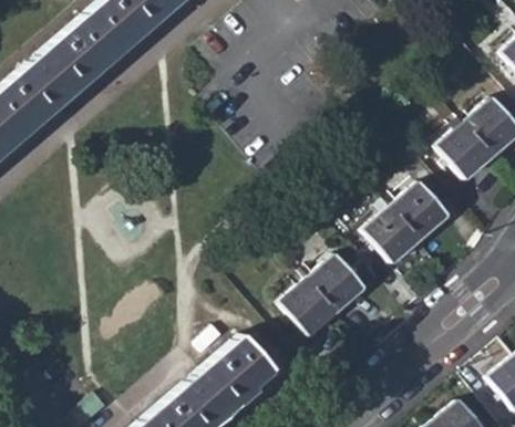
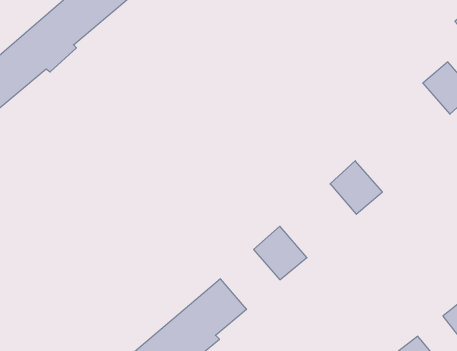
building: [439,121,496,179] -> none
building: [392,181,451,240] -> none
building: [309,253,367,312] -> none

